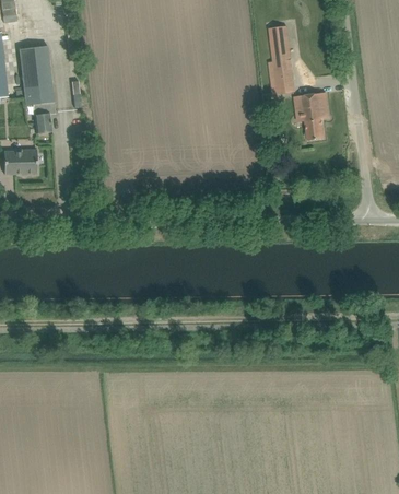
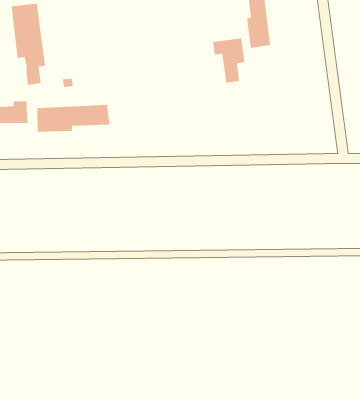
building: [295,92,330,140] -> [212,38,245,83]
building: none -> [37,104,110,133]

